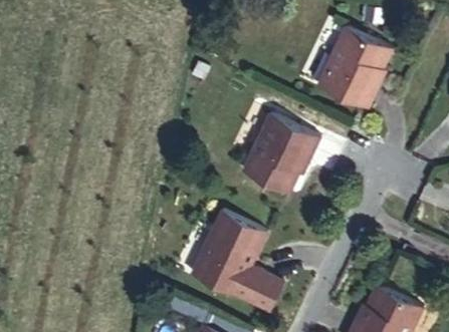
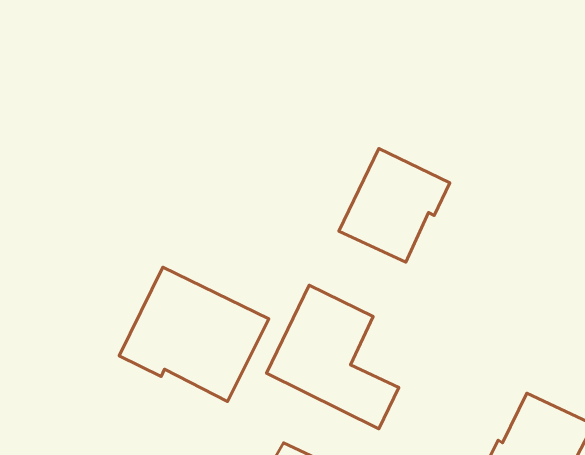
building: [318,25,393,107] -> none
building: none -> [119,267,269,401]

